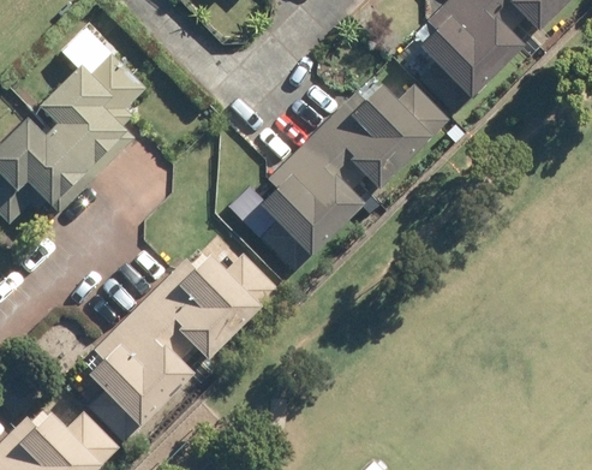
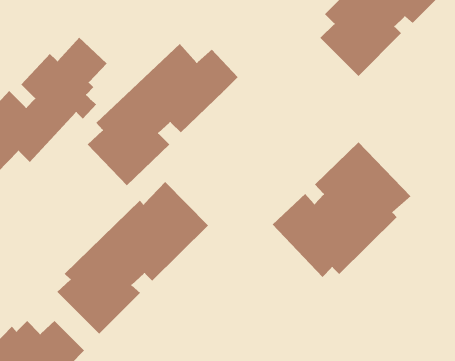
building: [255,78,447,260] -> [87,43,238,186]
building: none -> [272,142,411,278]

